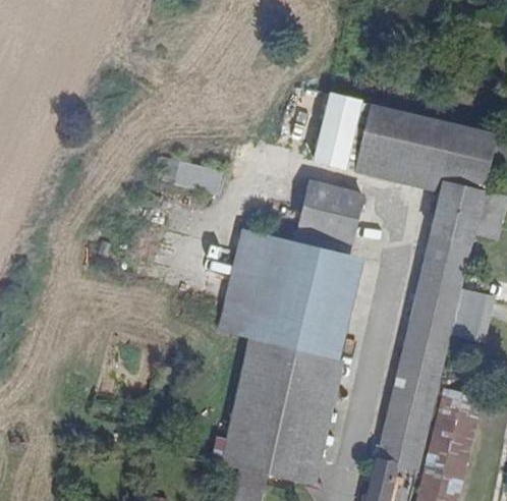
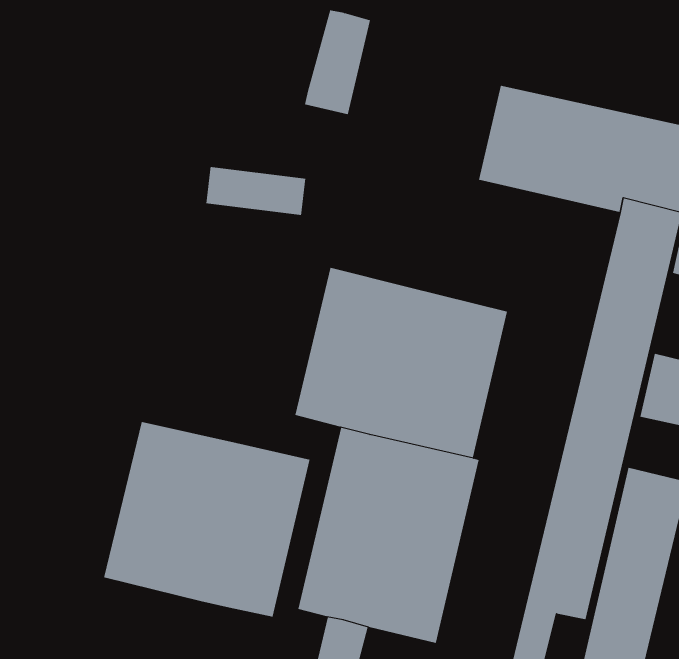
building: [313,96,358,168] -> [304,10,371,115]
building: [296,180,359,241] -> none
building: none -> [104,421,310,618]

